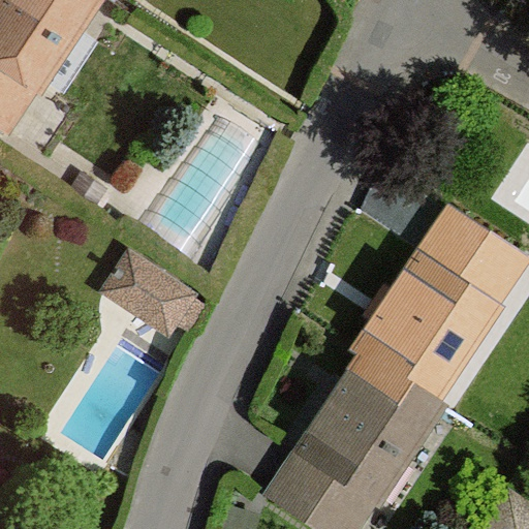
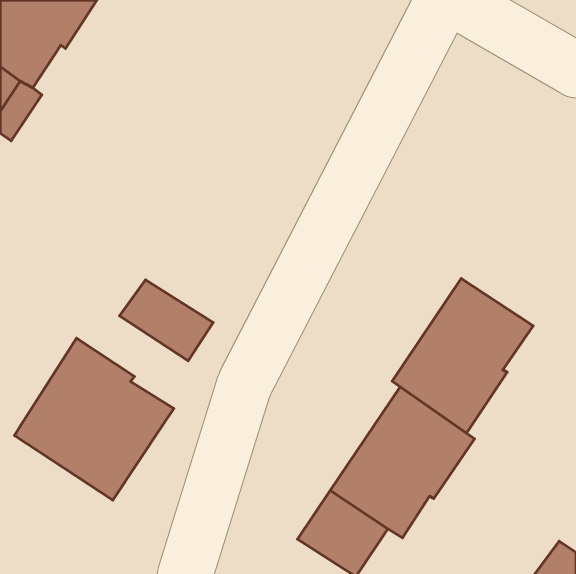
building: [423,212,506,292] -> none
building: none -> [14,338,174,500]

